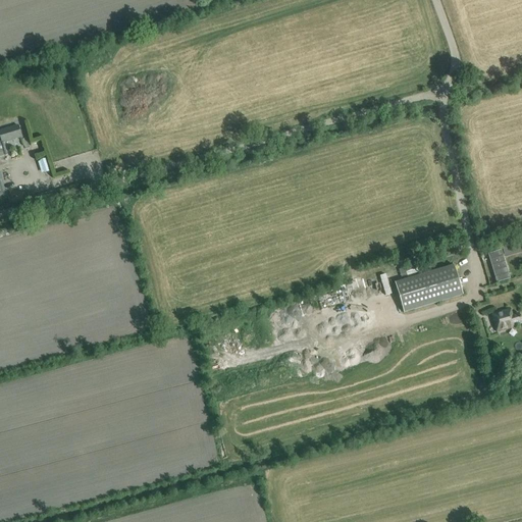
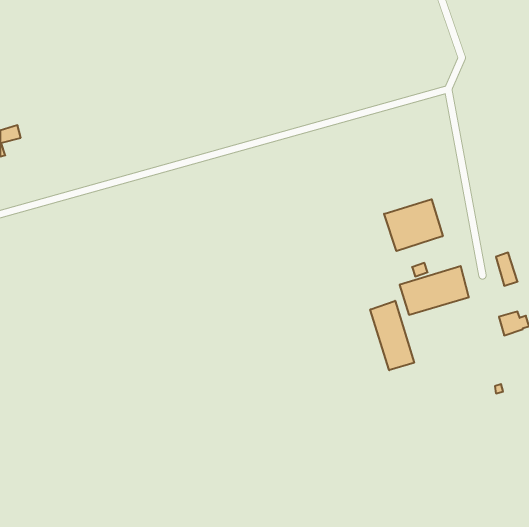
building: none -> [384,199,443,251]
building: none -> [370,301,414,370]

